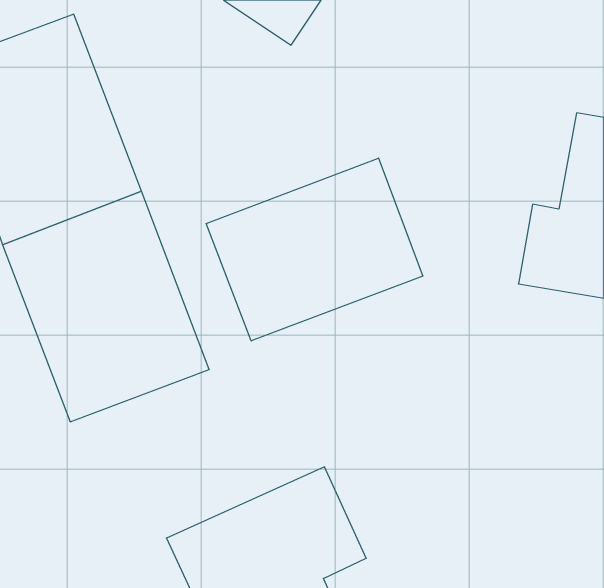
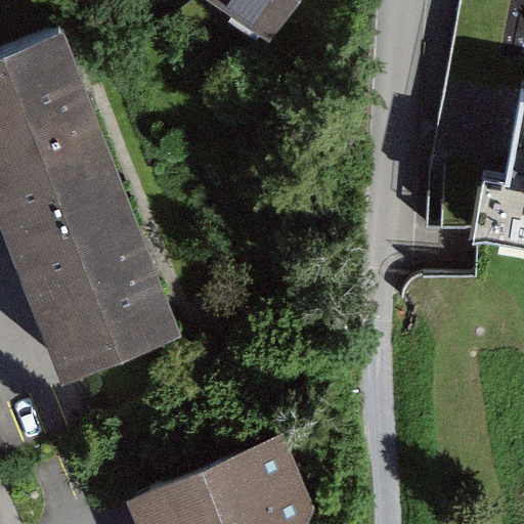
building: [206,158,423,341] -> none

